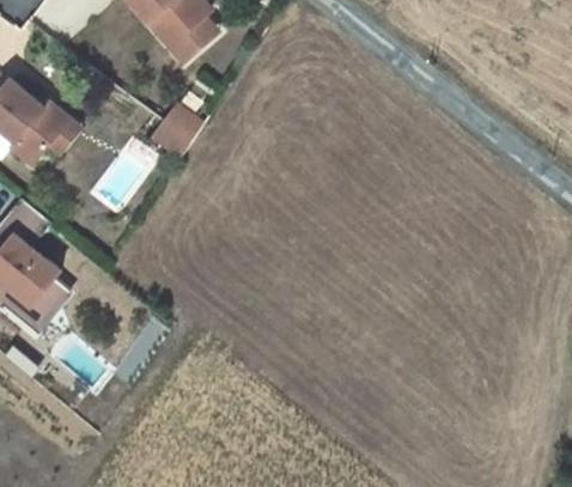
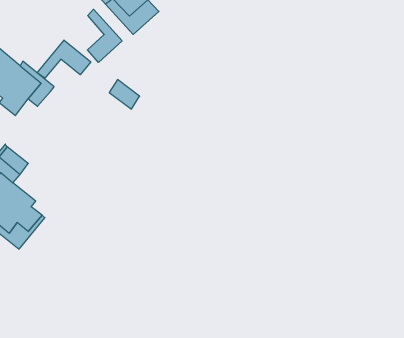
building: none -> [87,9,122,62]
building: none -> [37,40,91,78]

